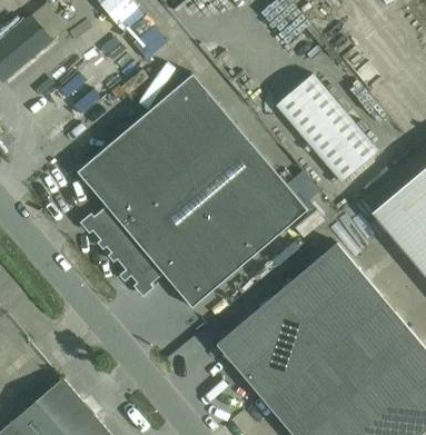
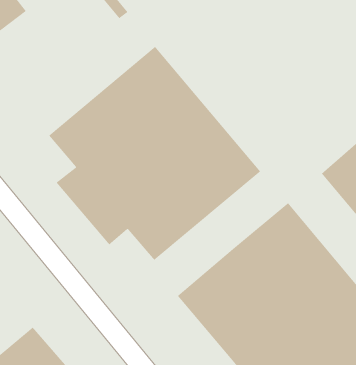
building: [276,73,378,181] -> none

